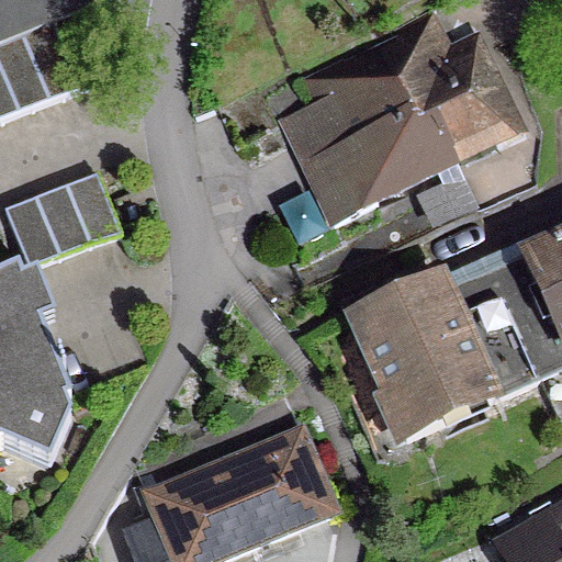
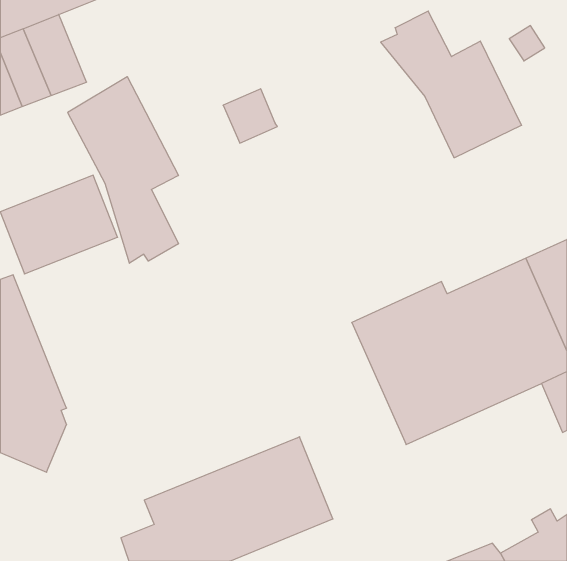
building: [279,42,450,226] -> none
building: none -> [68,77,178,263]

